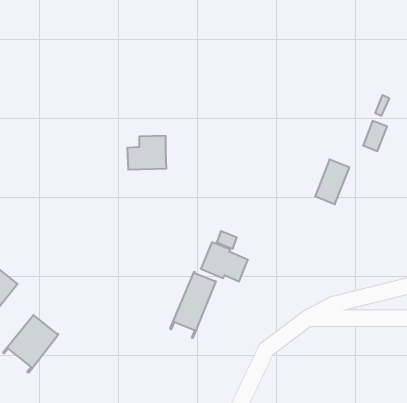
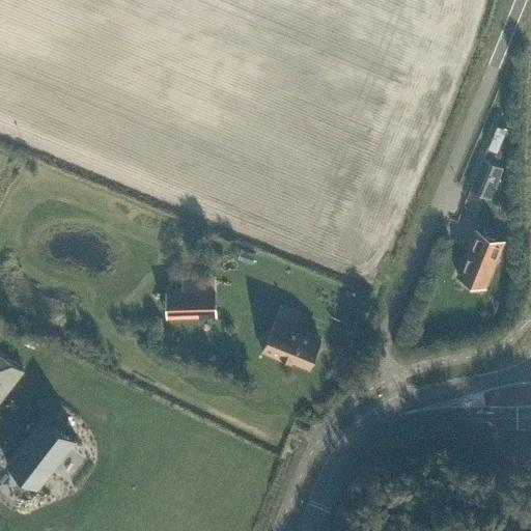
building: [127,136,166,169] -> [165,282,216,326]
building: [315,159,349,204] -> [457,235,502,294]
building: [170,272,216,338] -> none

